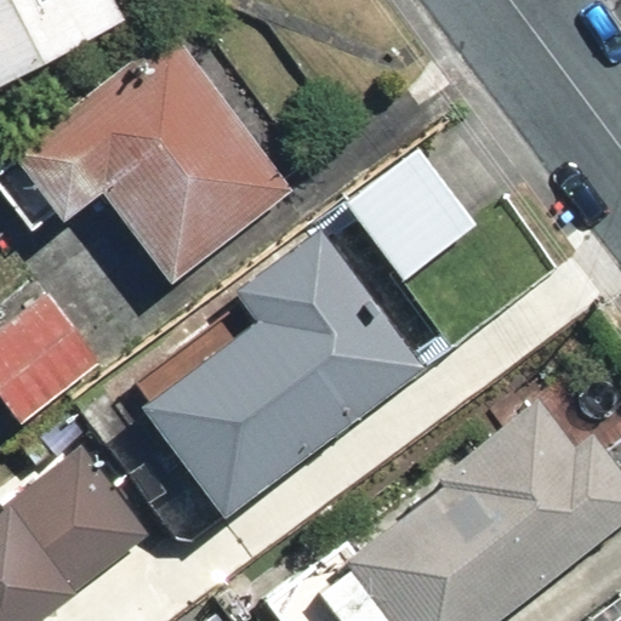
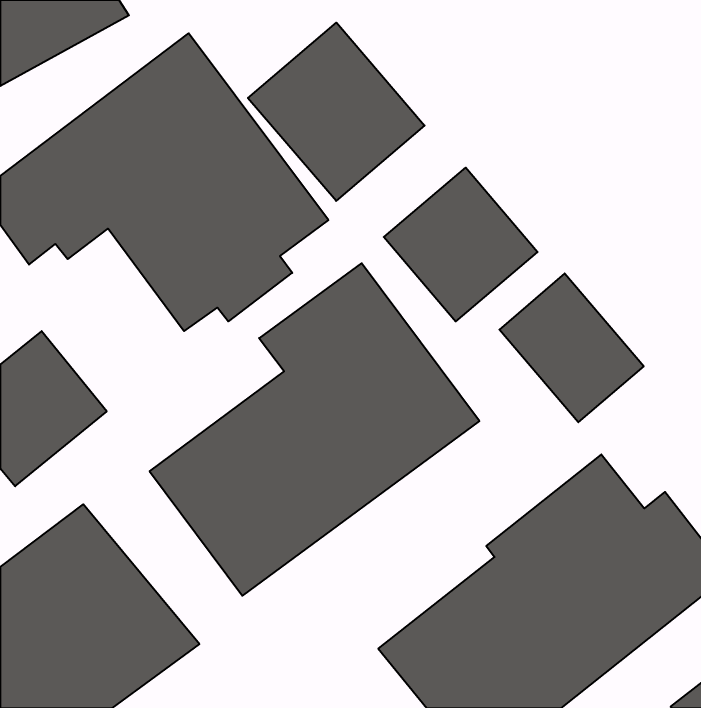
building: none -> [248,23,425,201]
building: none -> [499,273,644,422]

